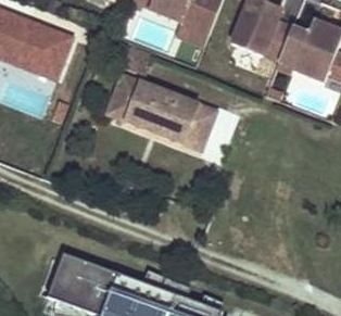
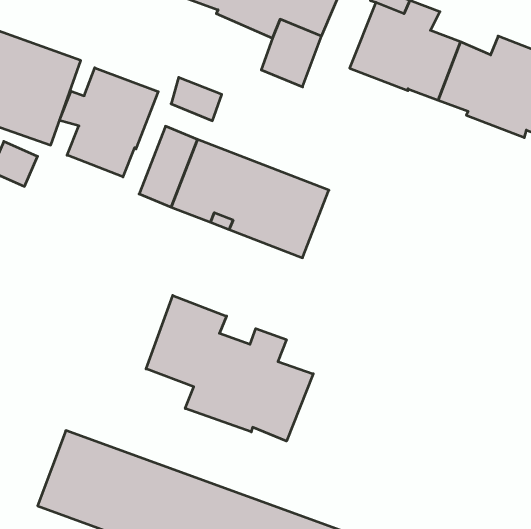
building: none -> [59,68,158,177]
building: none -> [146,295,313,441]

